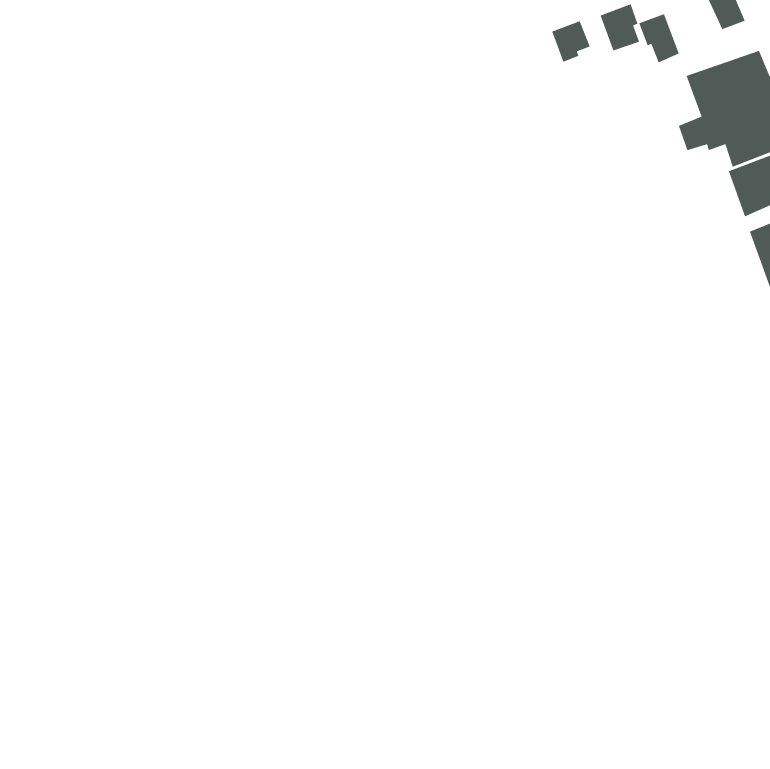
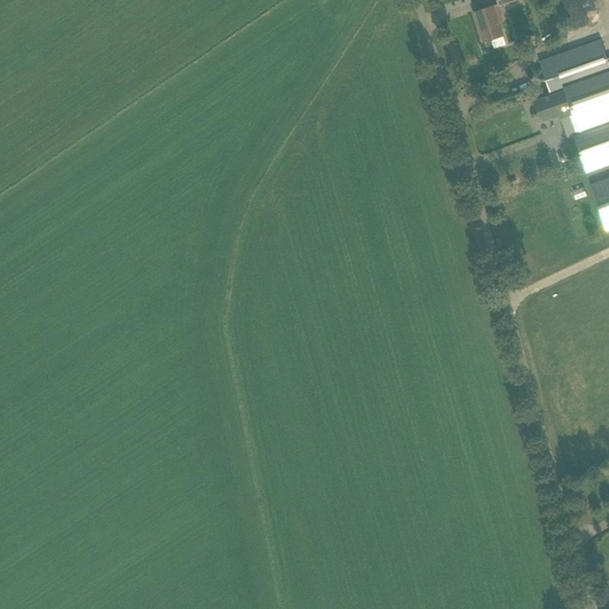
building: [638,13,680,63] -> none
building: [551,20,591,63] -> none

